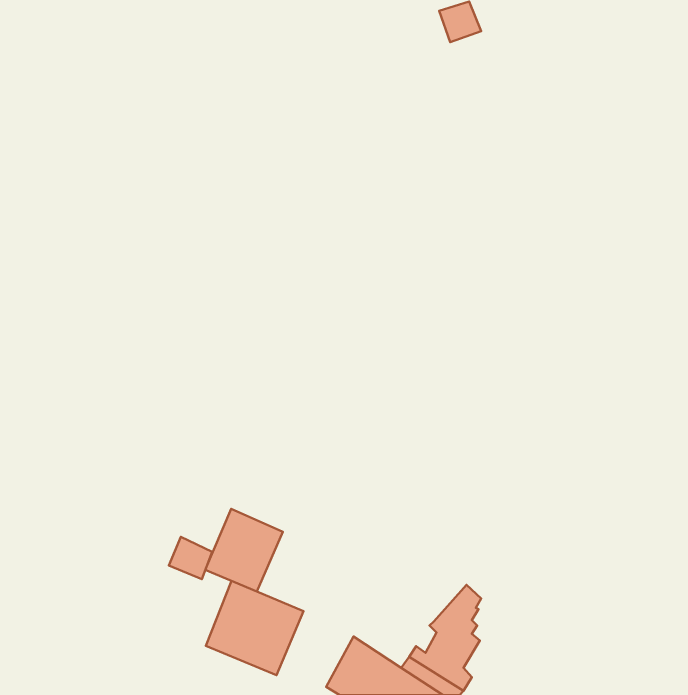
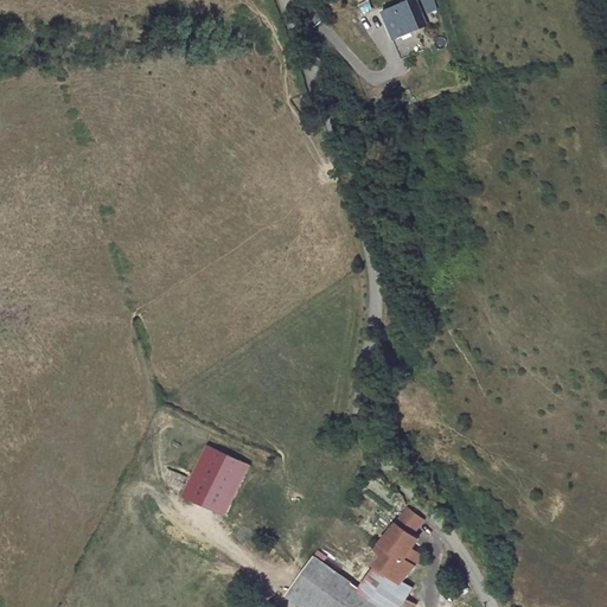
building: [169,537,212,579] -> none
building: [206,581,304,675] -> none

